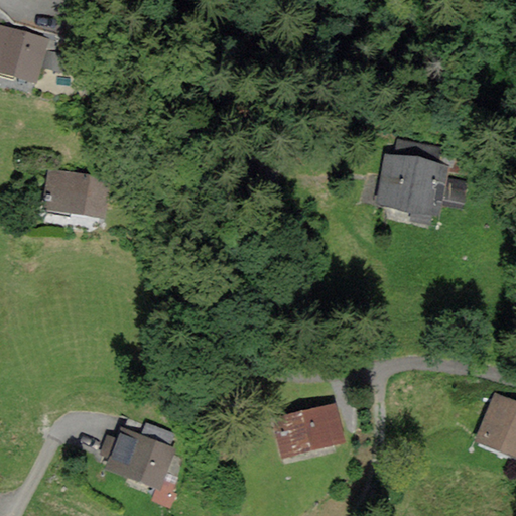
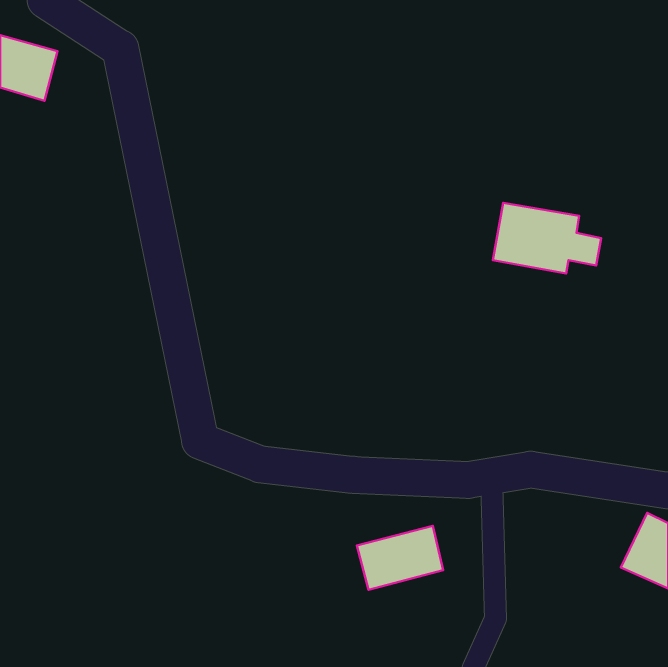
building: [46,172,106,217] -> none
building: [103,430,173,486] -> none

